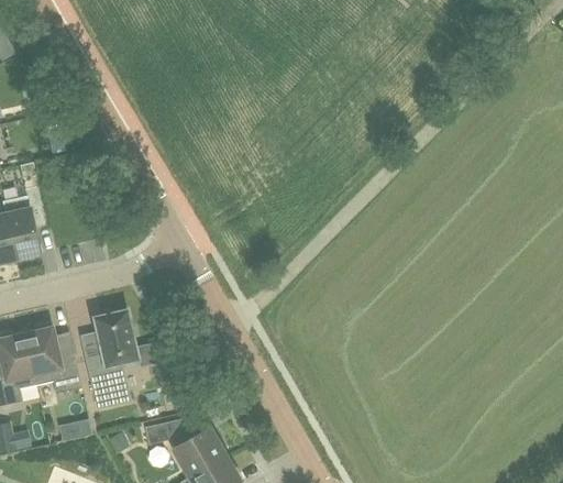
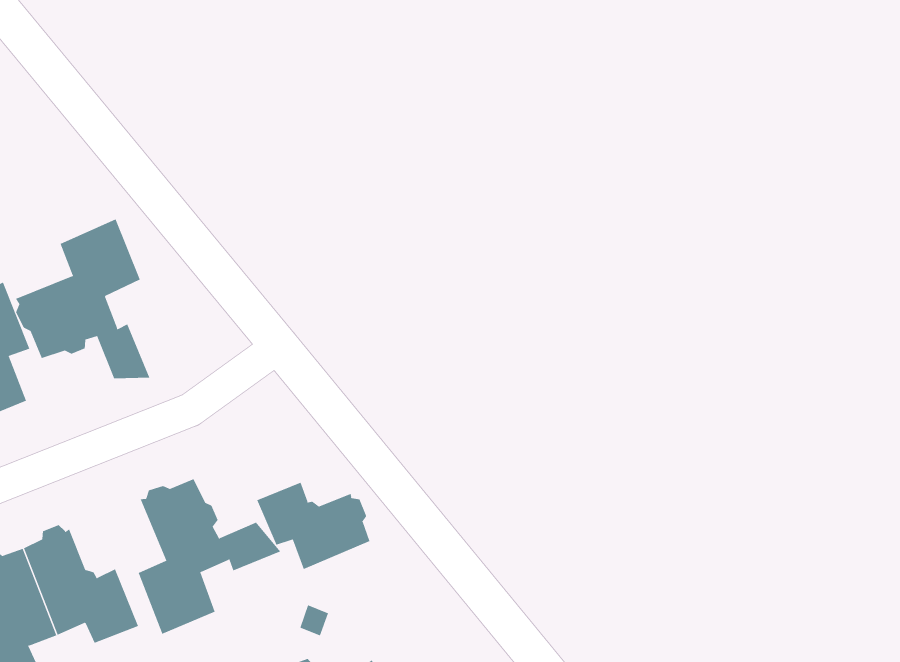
building: none -> [15,219,150,379]
building: none -> [257,482,370,570]

